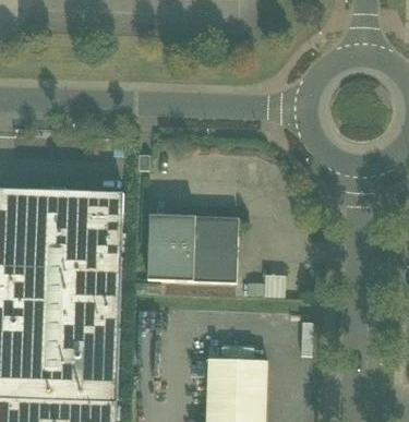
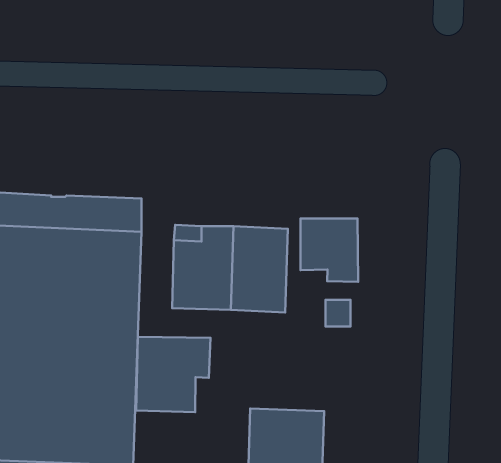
building: none -> [300,219,358,282]
building: none -> [136,337,210,412]

